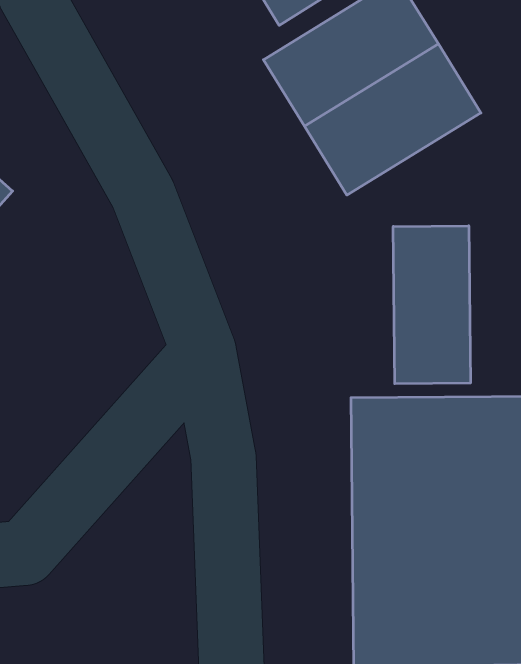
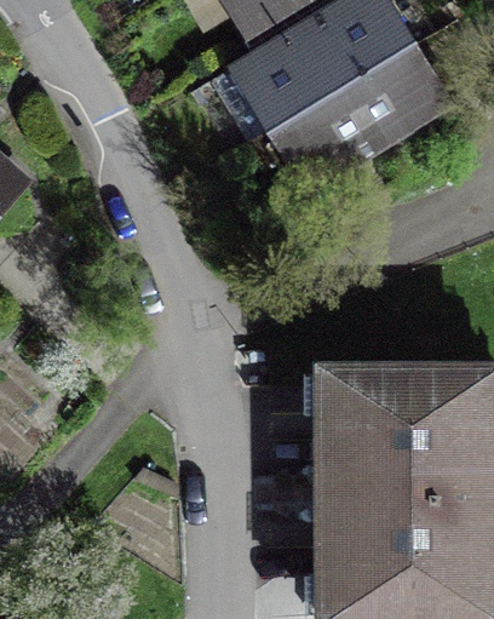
building: [393,226,470,384] -> none

